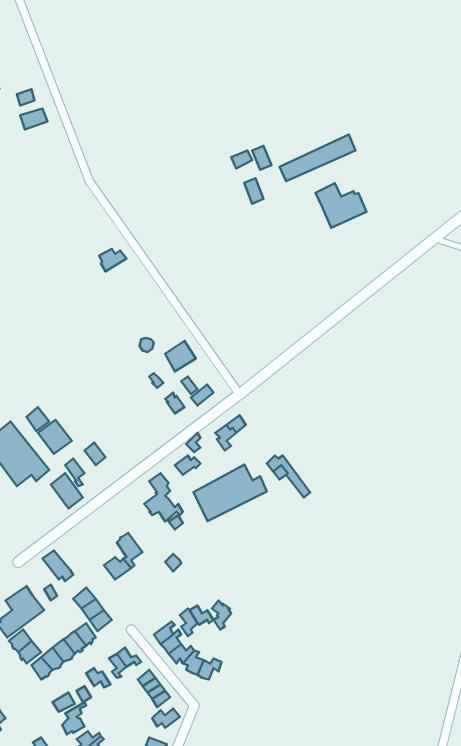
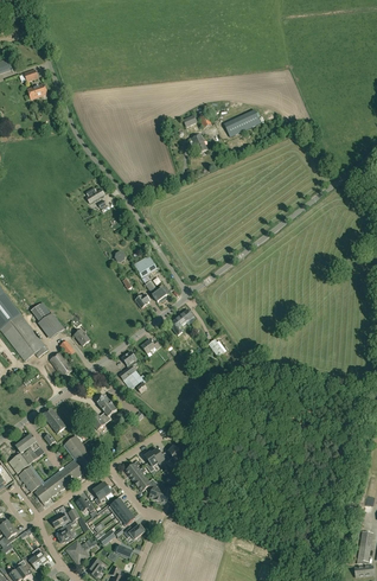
building: [315,183,367,228] -> none
building: [193,465,267,521] -> none

